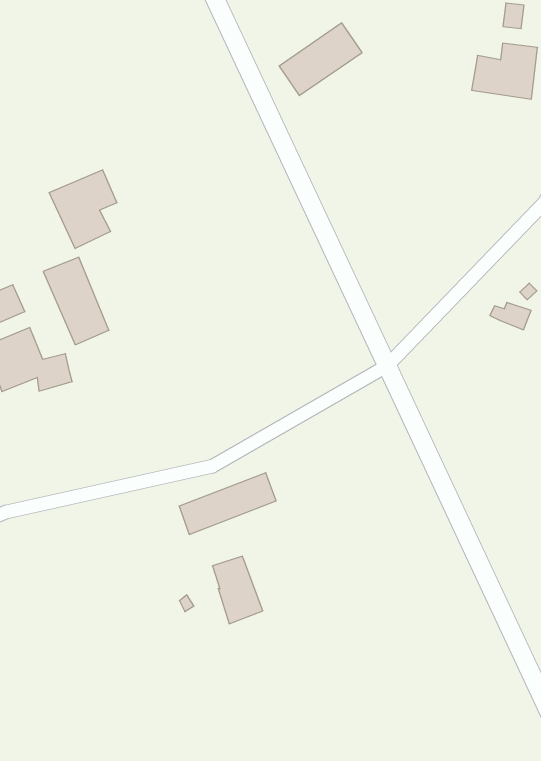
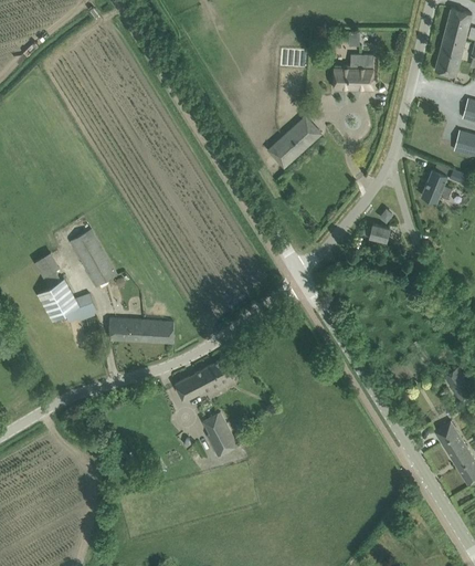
building: [279,23,362,96] -> [268,116,321,167]
building: [49,170,117,249] -> none
building: none -> [109,317,175,344]

